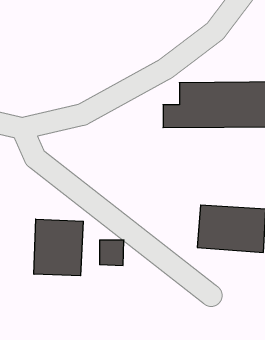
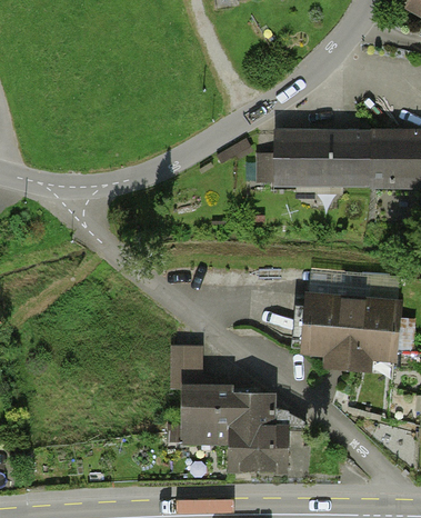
building: [34,219,83,276] -> none
building: none -> [182,383,285,472]

